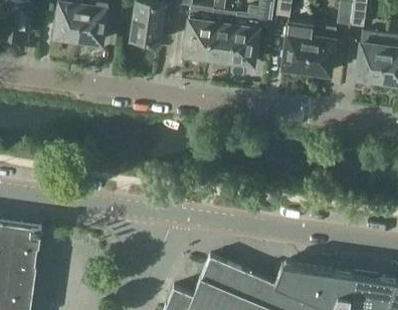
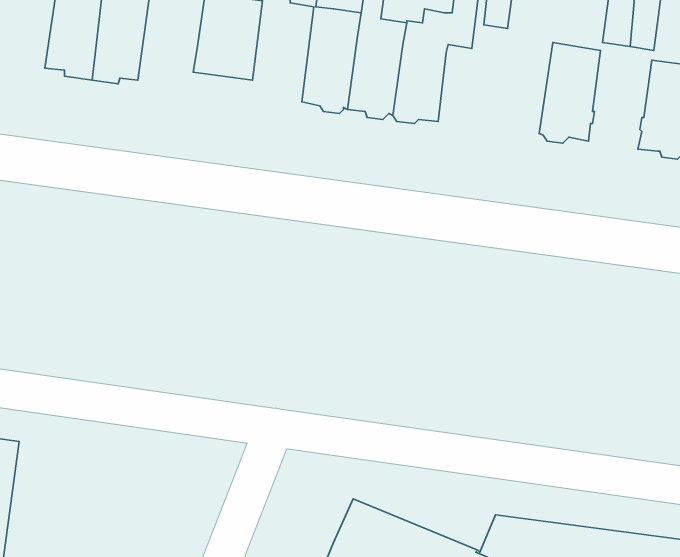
building: [281,23,312,75] -> none

